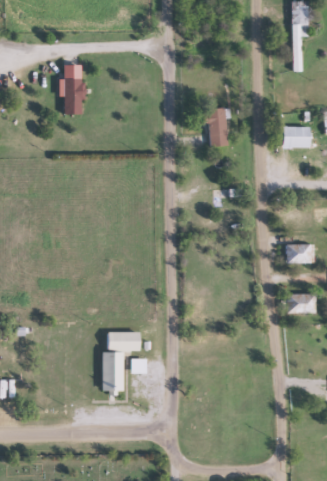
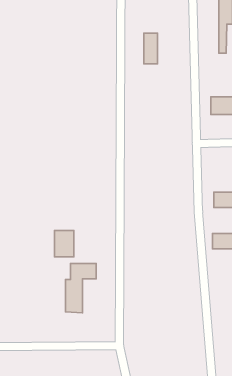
building: [64,65,83,114] -> none
building: [209,108,226,146] -> [144,33,158,64]
building: none -> [55,231,74,257]

